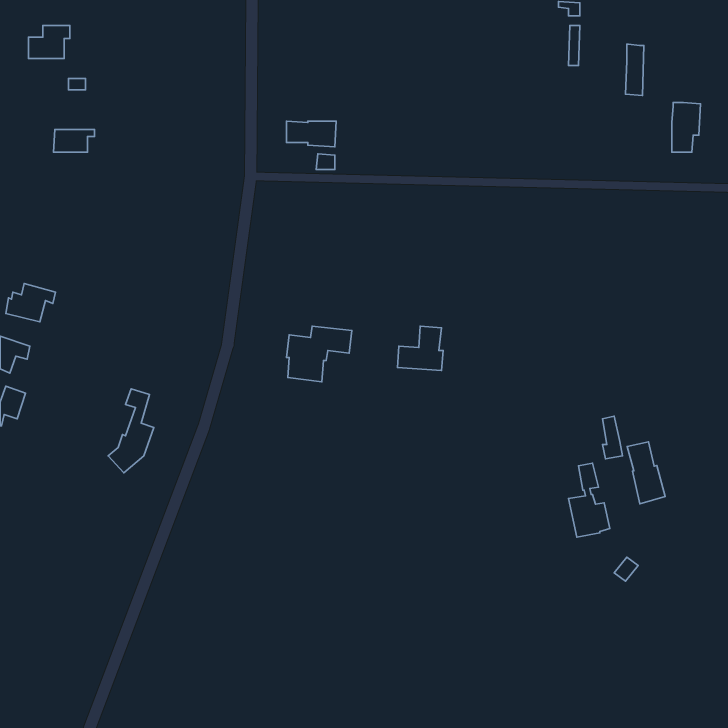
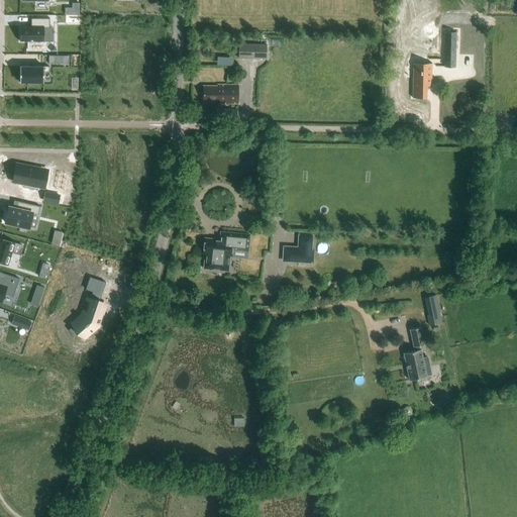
building: none -> [239,44,267,59]
building: [672,102,700,152] -> [412,63,432,98]
building: [53,129,95,152] -> [19,67,48,83]
building: none -> [12,164,41,189]
building: [627,442,665,504] -> none

